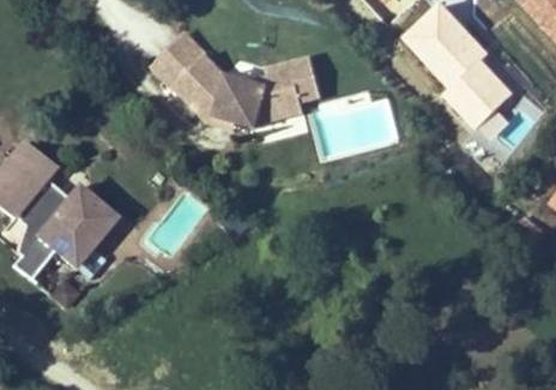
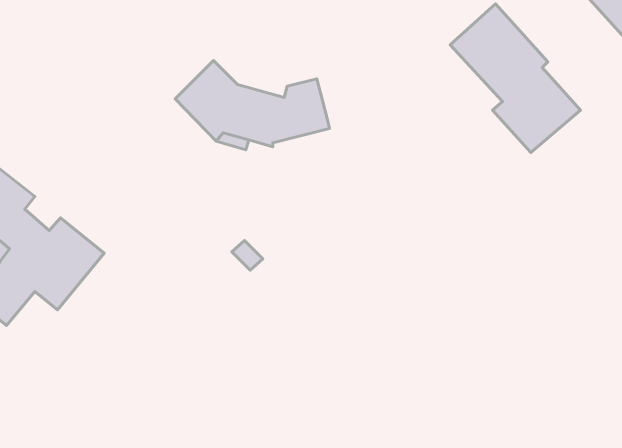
building: [152,32,206,86] -> none
building: [267,55,322,102] -> none

